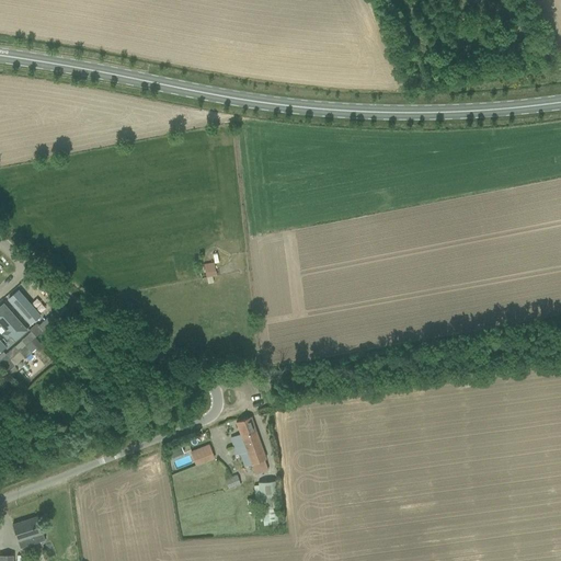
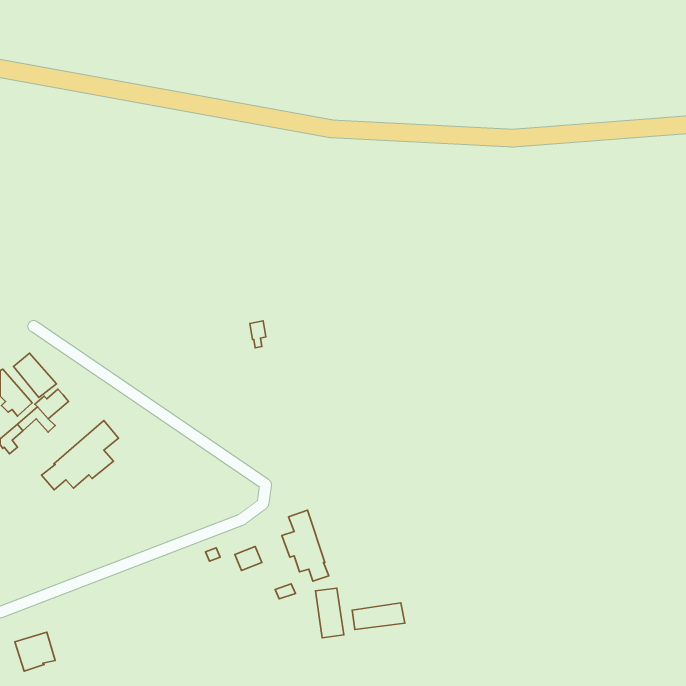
building: none -> [41,420,118,490]
building: none -> [352,603,405,629]

